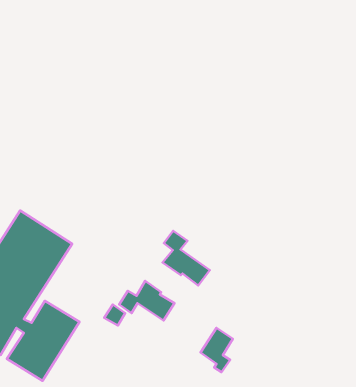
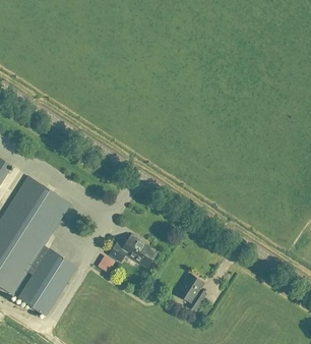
building: [162,231,210,286] -> none

